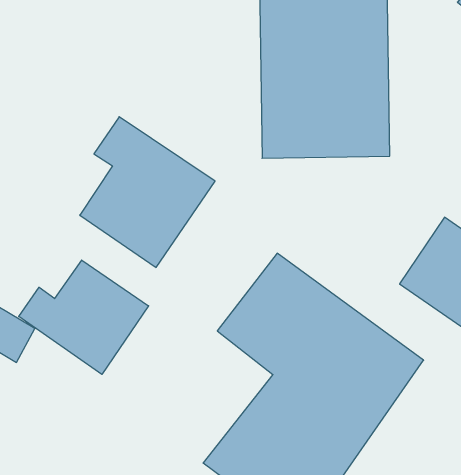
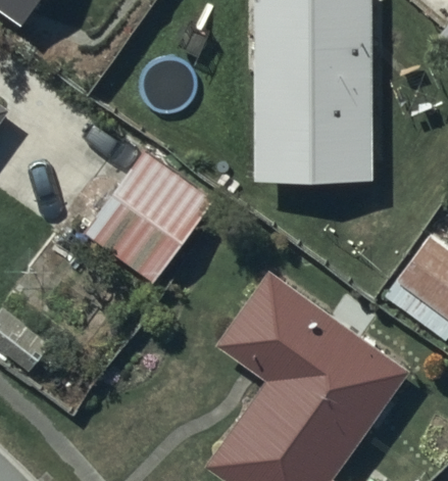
building: [19,260,149,374] -> none

